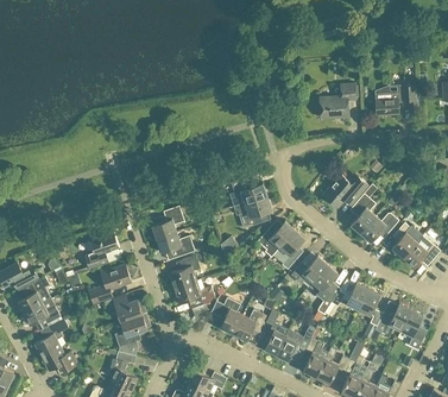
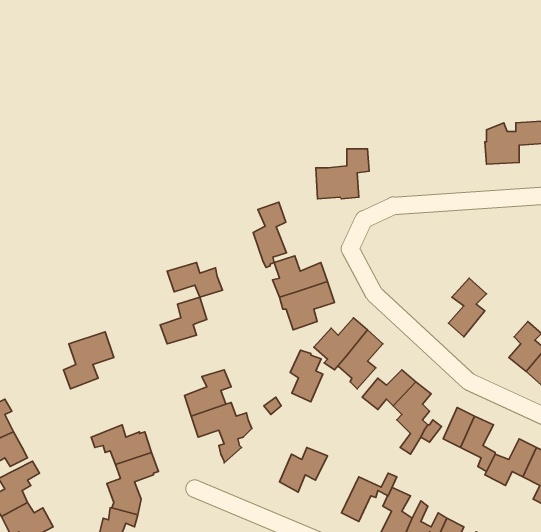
building: [318,83,355,118] -> [316,149,369,199]
building: none -> [253,202,286,267]
building: [322,172,367,207] -> none
building: [360,212,398,241] -> none
building: [156,232,194,256] -> [167,263,222,297]
building: [88,264,131,303] -> none
building: [219,297,241,333] -> [290,350,323,402]
building: [264,309,288,354] -> none

